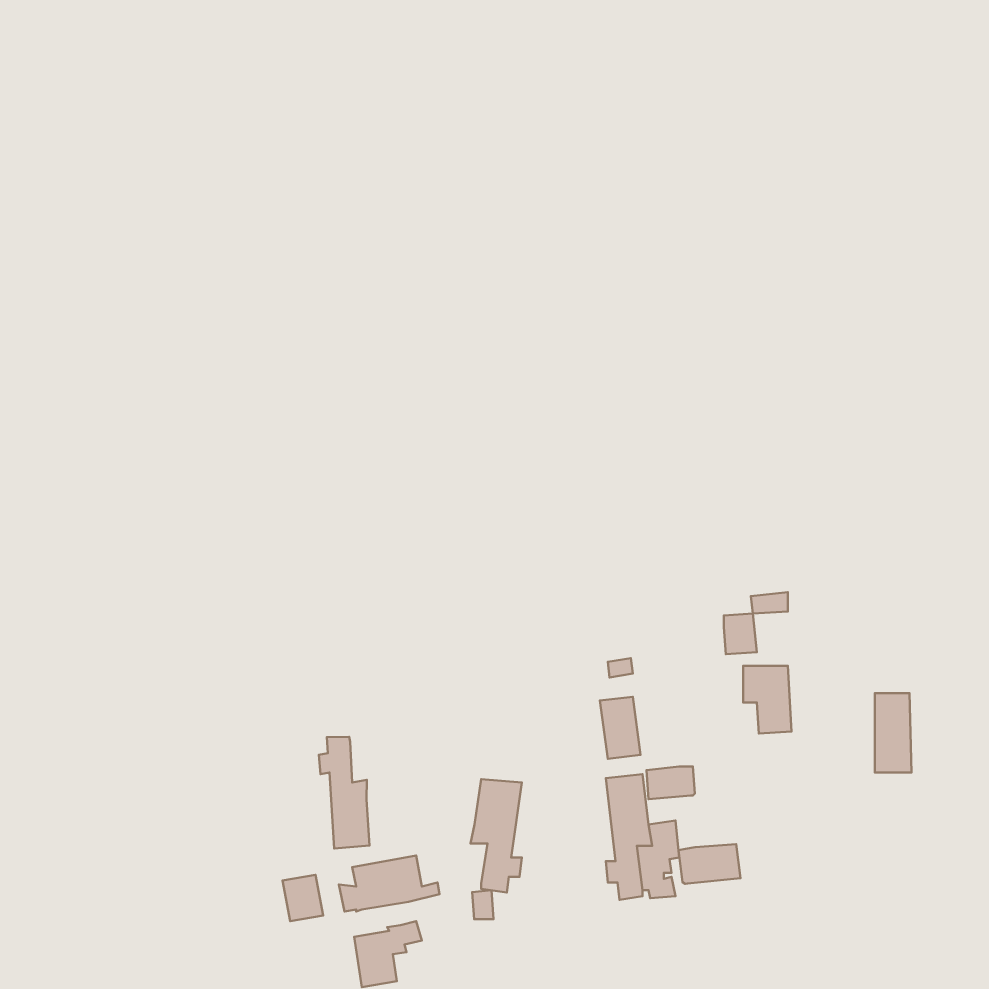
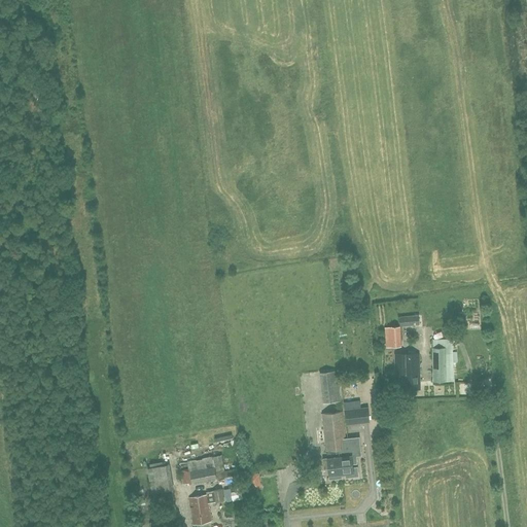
building: [875,693,912,773] -> [433,340,453,382]
building: [319,737,369,849] -> none
building: [470,779,522,892] -> none
building: [679,844,740,884] -> none

